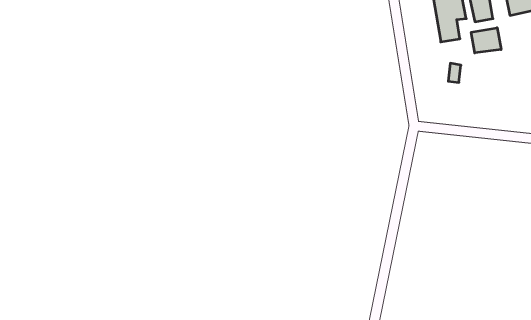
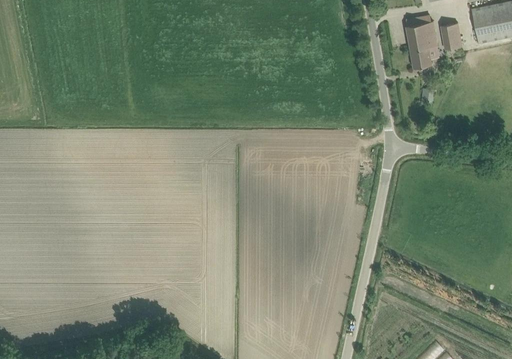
building: [471,28,501,53] -> none

